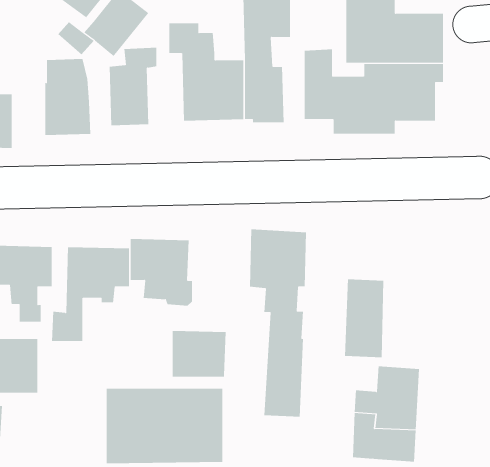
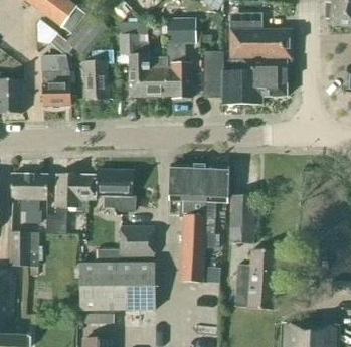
building: none -> [200,165,227,232]

